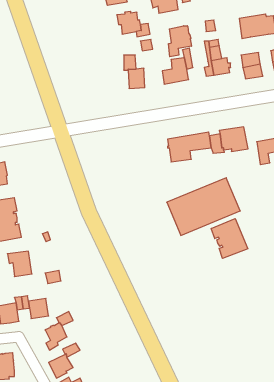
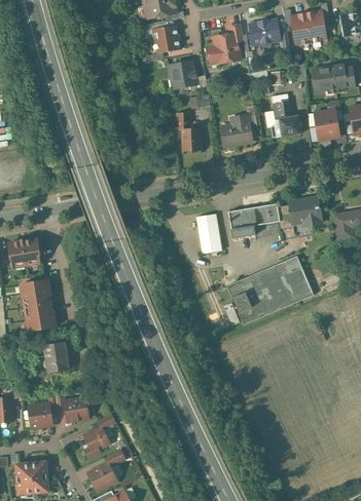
building: [168,26,191,57] -> none
building: none -> [195,213,221,253]
building: [211,219,248,258] -> none

